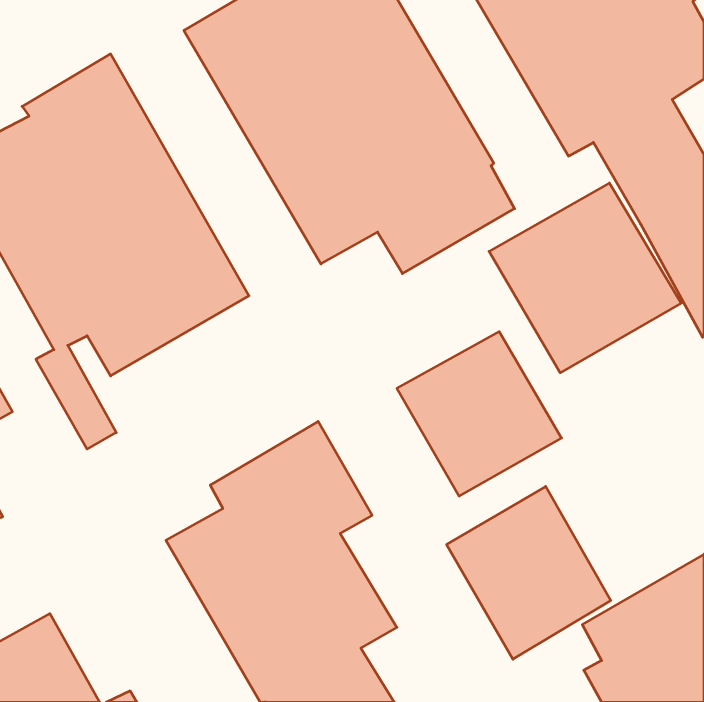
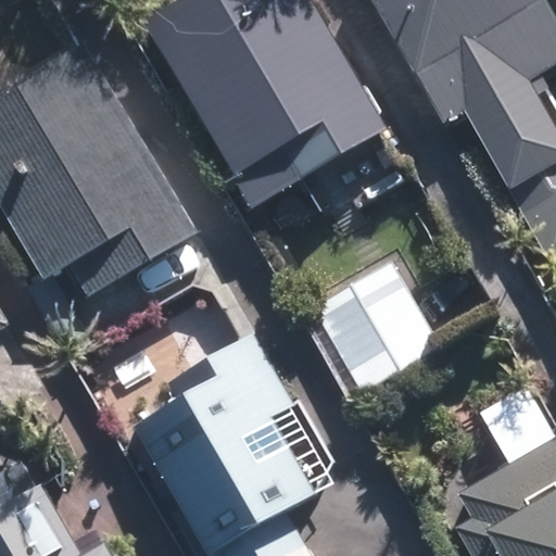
building: [489,183,681,373] -> none
building: [447,486,611,659] -> none

